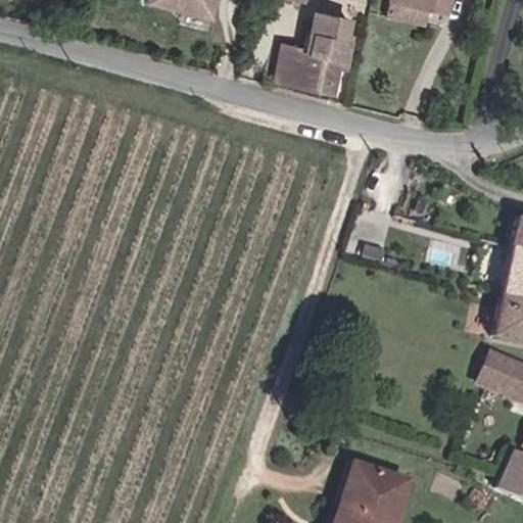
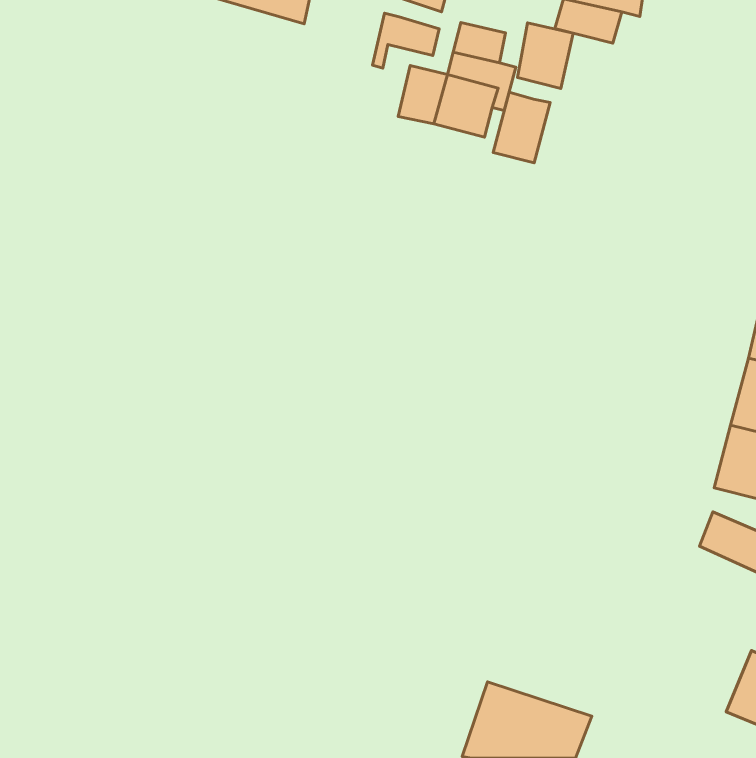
building: none -> [372,13,439,68]
building: none -> [517,23,573,88]
building: none -> [493,92,550,163]

